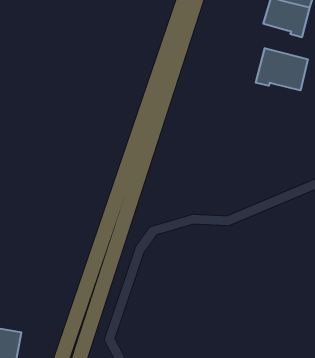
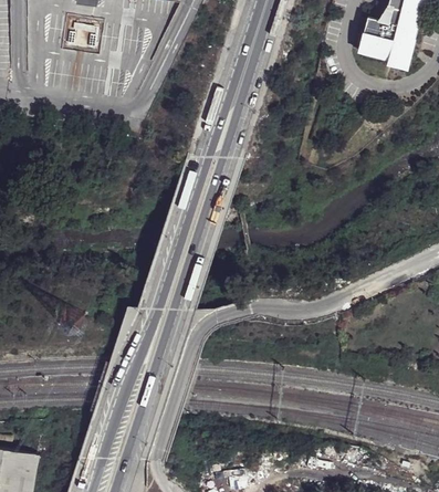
building: [256,48,308,90] -> none

